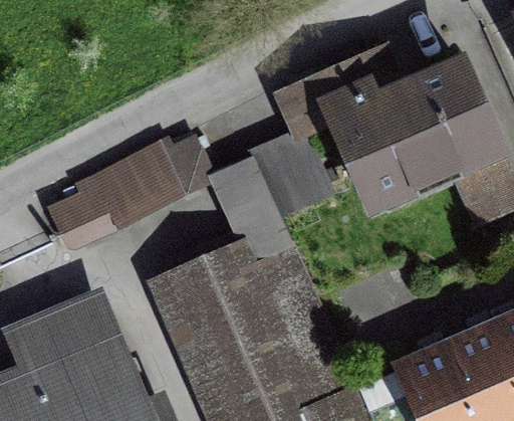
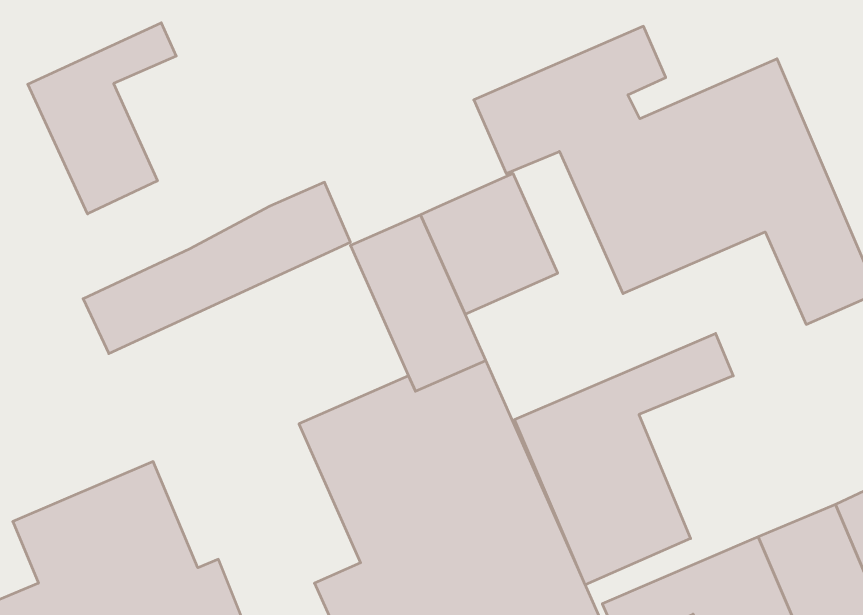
building: none -> [28,23,176,214]
building: none -> [514,333,733,585]

